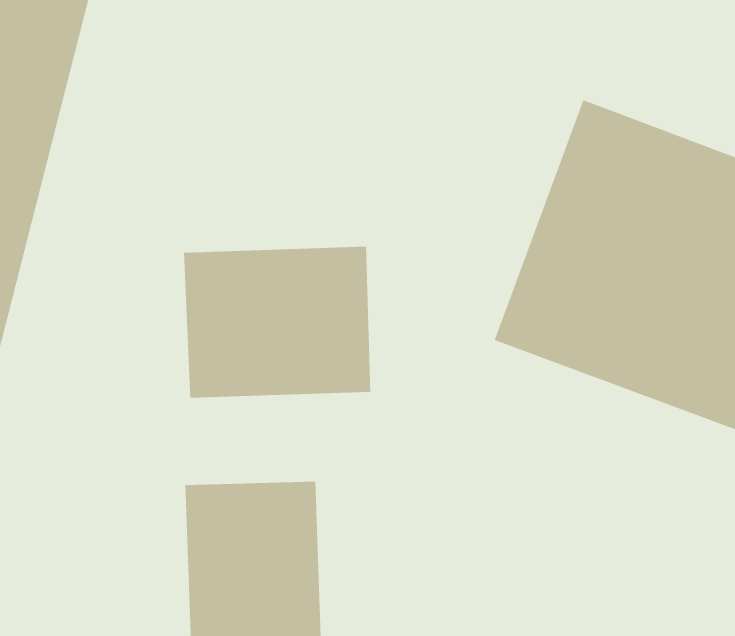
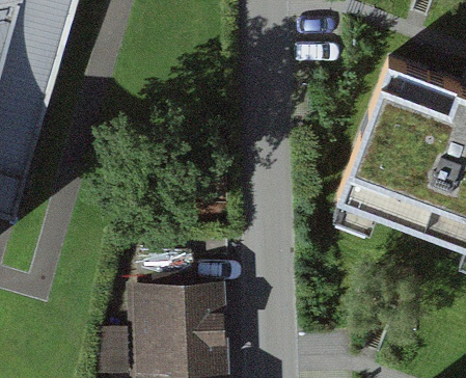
building: [184,246,371,399] -> none

